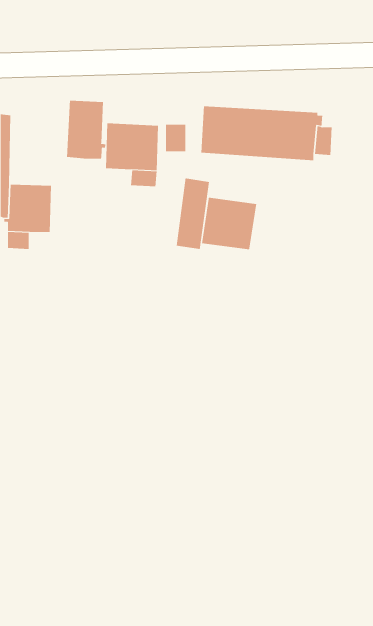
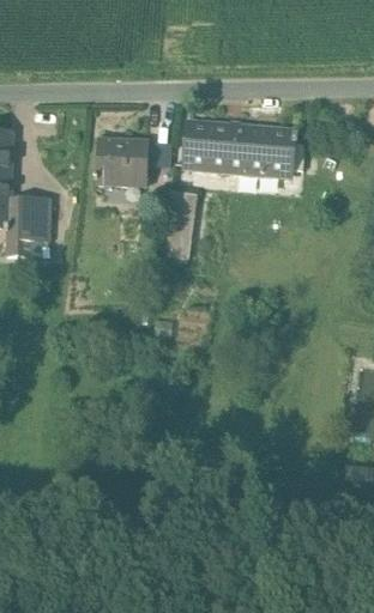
building: [67,100,106,159] -> none
building: [201,197,257,250] -> none

